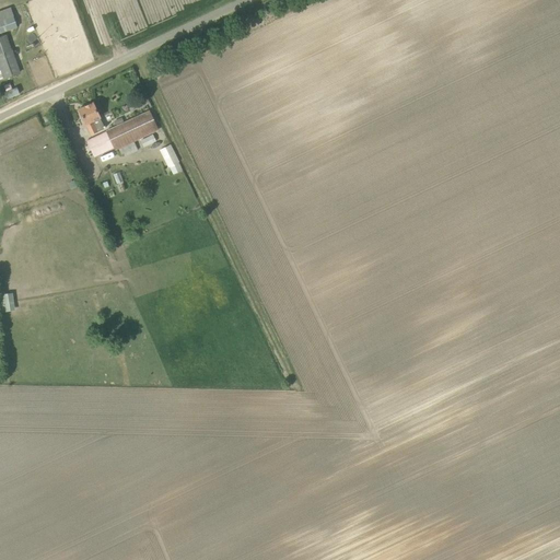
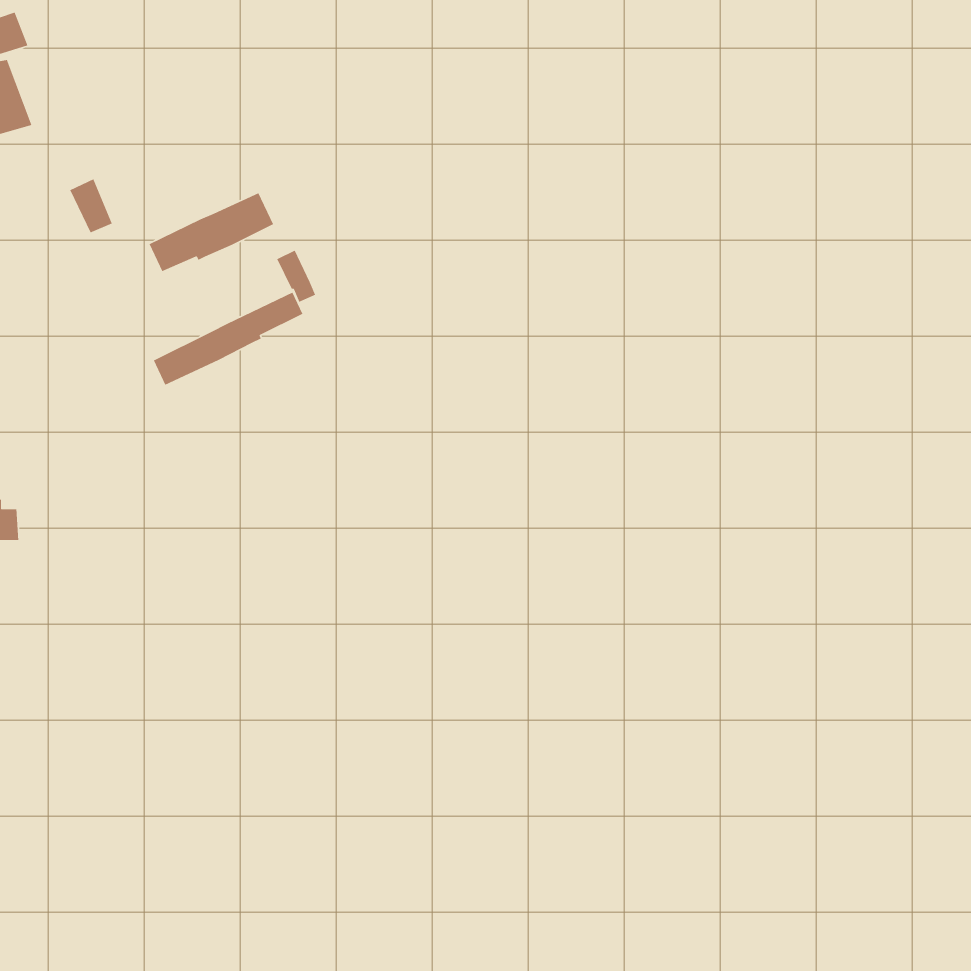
building: [78,102,103,133] -> [69,178,113,233]
building: none -> [153,291,303,386]

